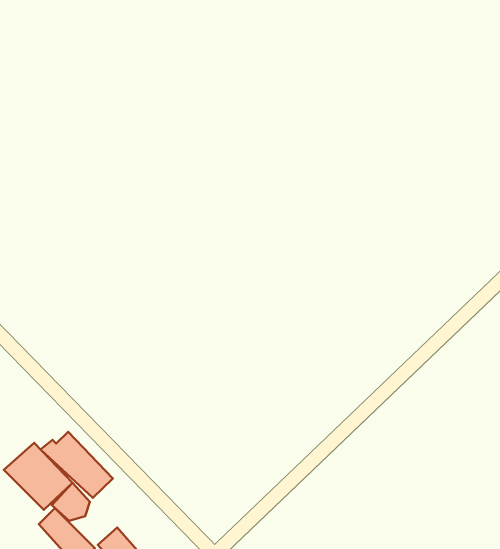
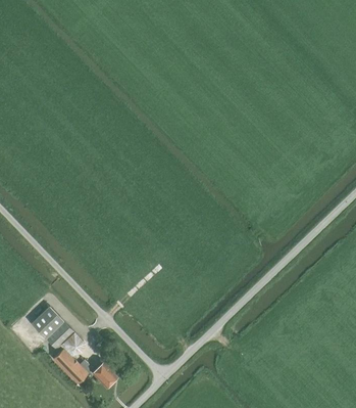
building: [41,432,113,498] -> none

